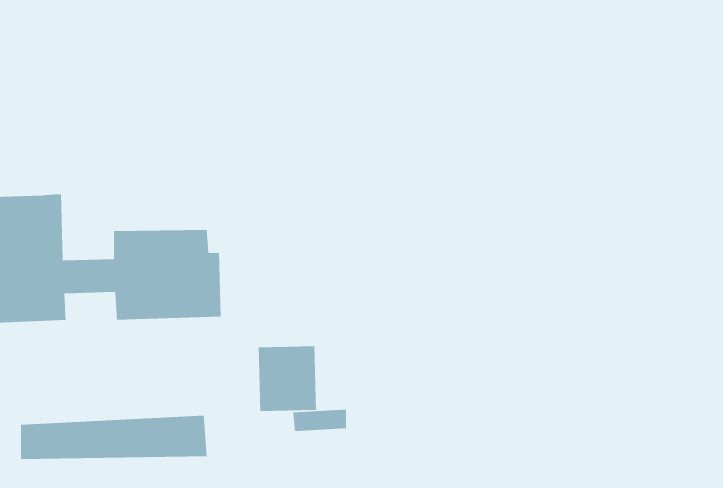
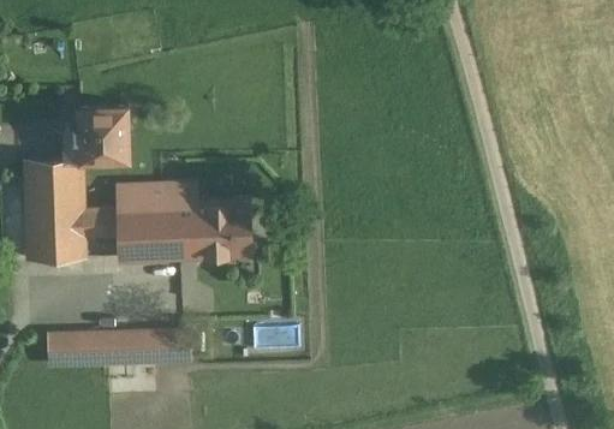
building: none -> [62,106,127,160]
building: [258,345,317,412] -> [202,203,248,255]

